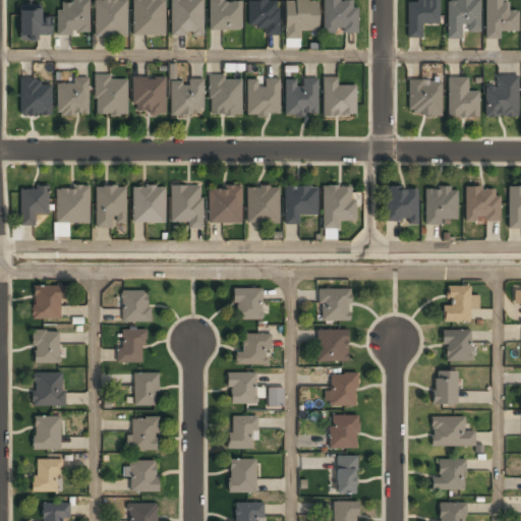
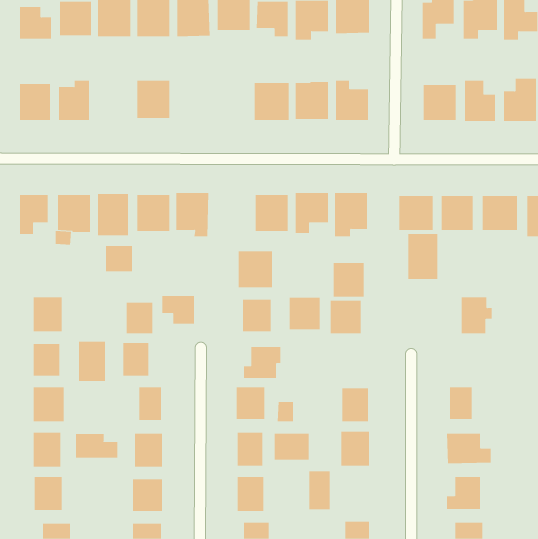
building: [96,76,128,117] -> none
building: [210,77,242,116] -> none
building: [171,79,205,115] -> none
building: [209,187,242,223] -> [238,251,273,288]
building: none -> [408,233,438,280]
building: none -> [105,245,133,272]
building: none -> [333,262,364,297]
building: none -> [162,295,195,325]
building: none -> [79,341,105,382]
building: [317,330,348,361] -> [289,297,321,330]
building: [446,331,470,361] -> none
building: none -> [274,433,309,460]
building: none -> [76,433,118,459]
building: [337,456,358,494] -> [308,471,331,510]

